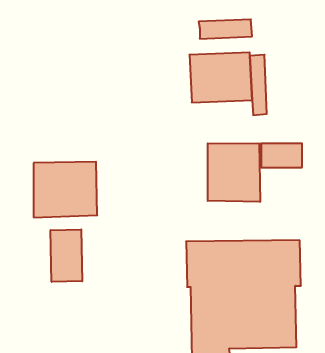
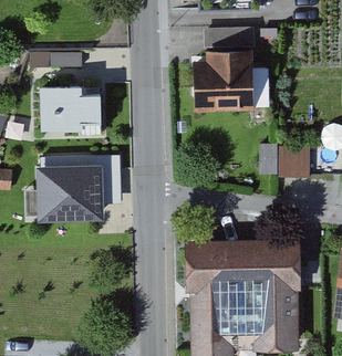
building: none -> [41,86,100,134]
building: [208,143,260,202] -> none
building: [51,229,82,282] -> none

